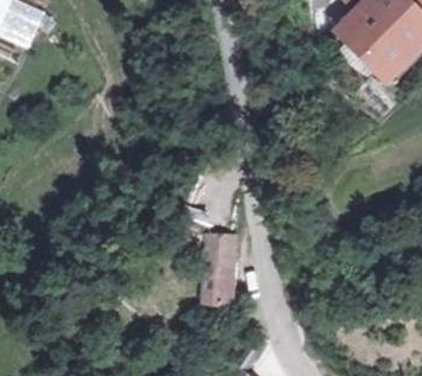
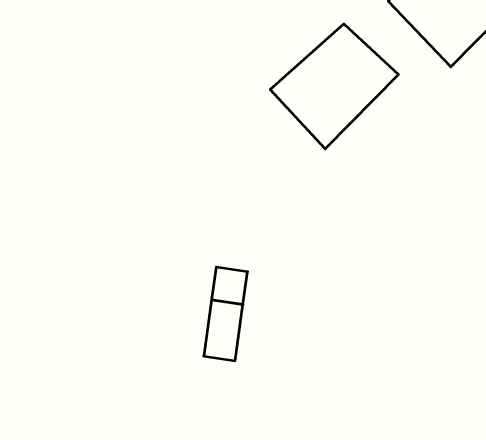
building: none -> [270,24,398,149]

